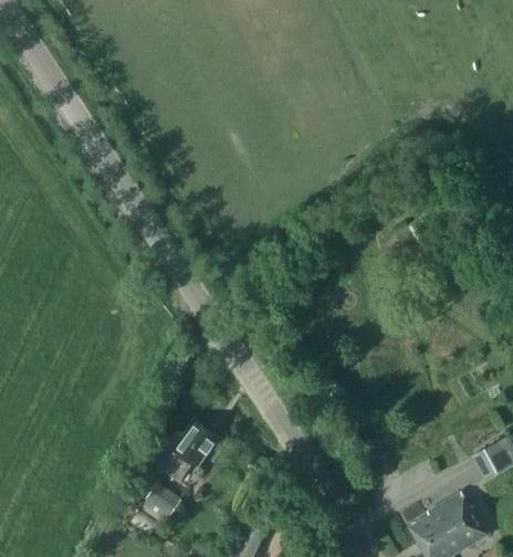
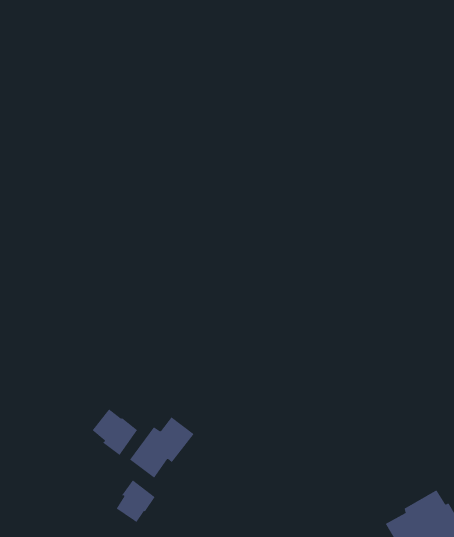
building: none -> [92,409,138,456]

